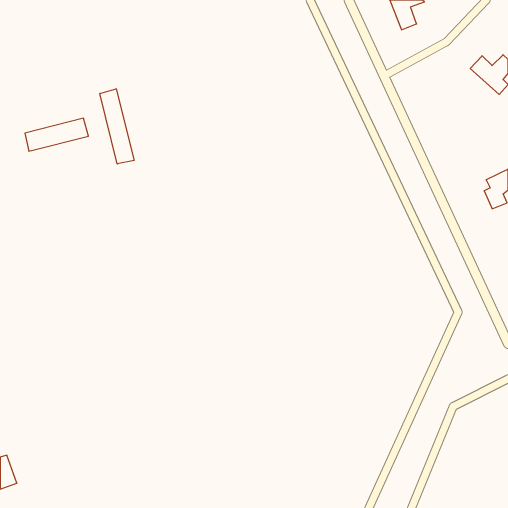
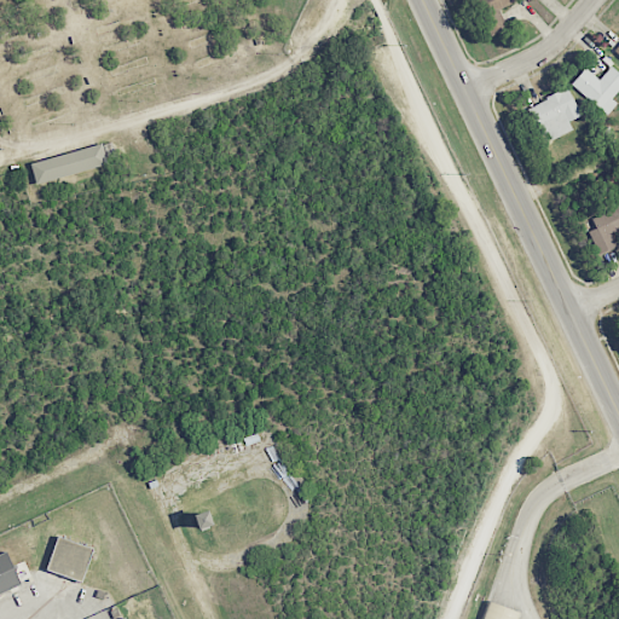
building: none -> [527,89,580,139]
building: [100,89,134,164] -> none
building: none -> [47,538,92,580]

